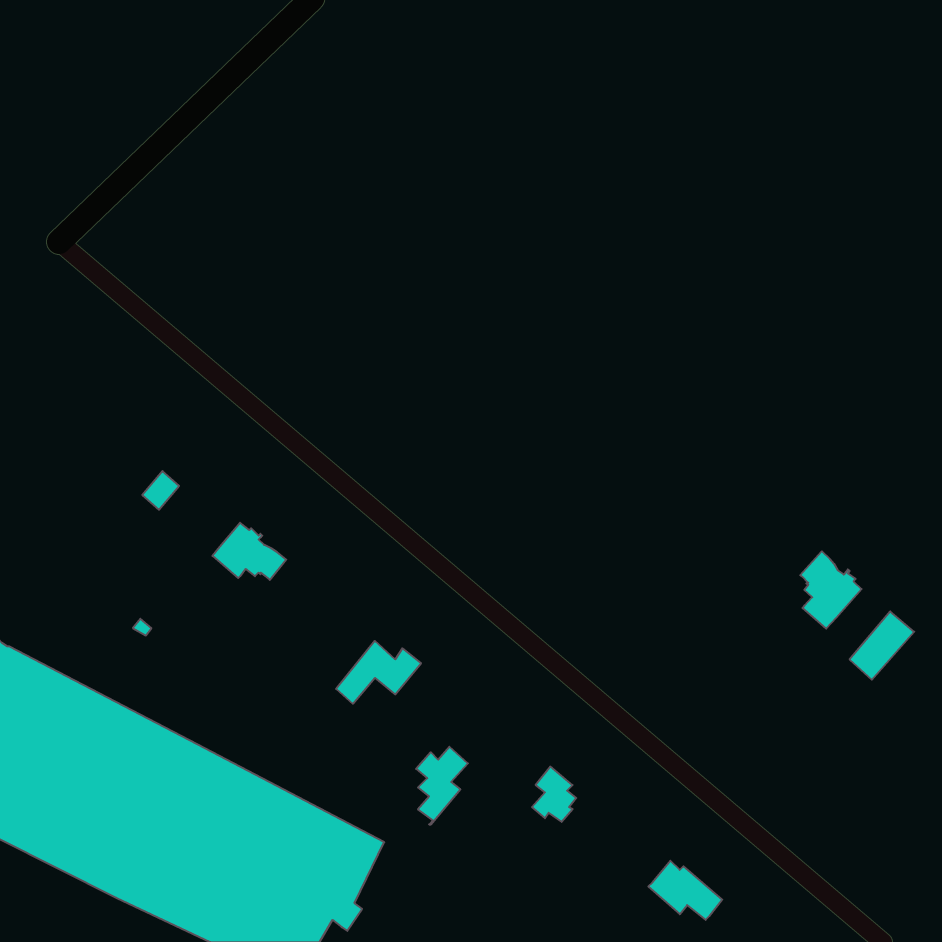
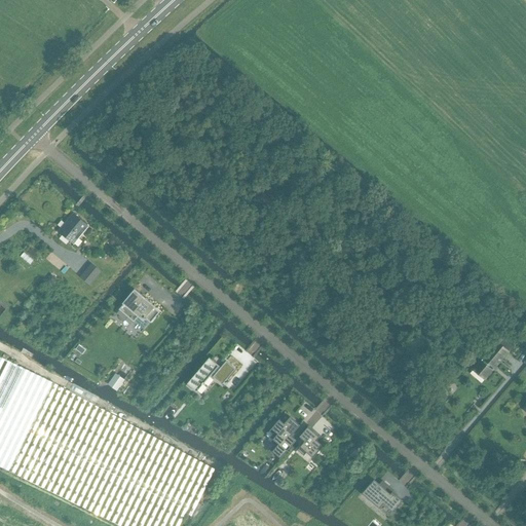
building: none -> [57,214,87,243]
building: [800,551,862,629] -> none
building: [416,747,468,824] -> [270,416,299,459]

